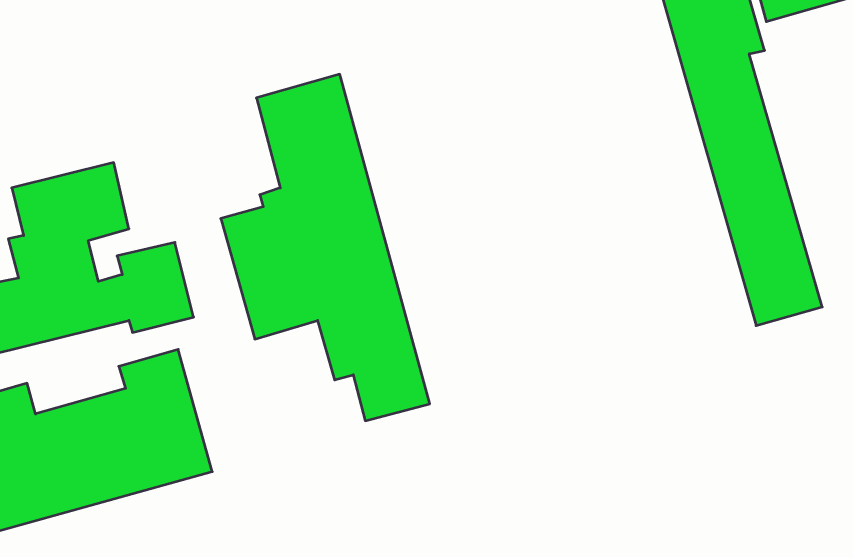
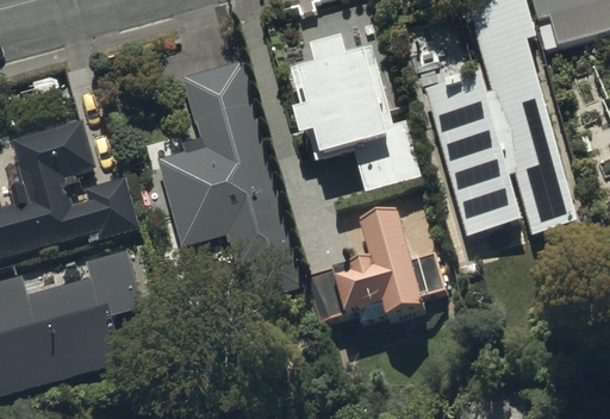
building: none -> [288,24,421,185]
building: none -> [427,77,522,244]
building: none -> [305,202,446,319]

